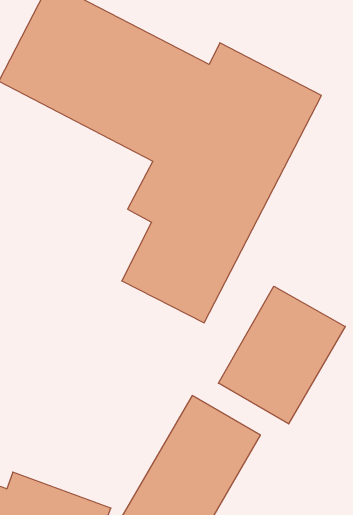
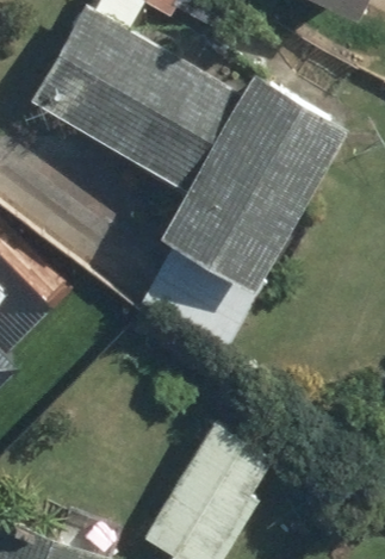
building: [218,286,345,424] -> none

